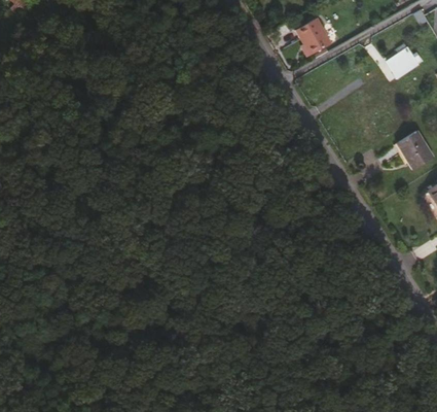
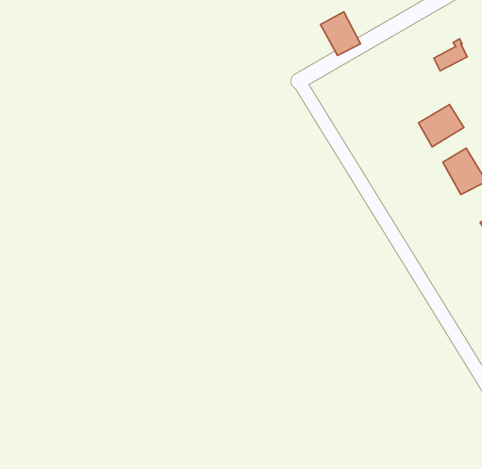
building: none -> [418,105,464,147]

